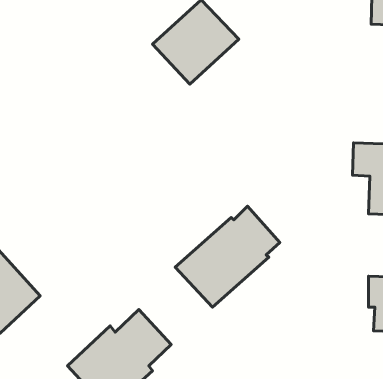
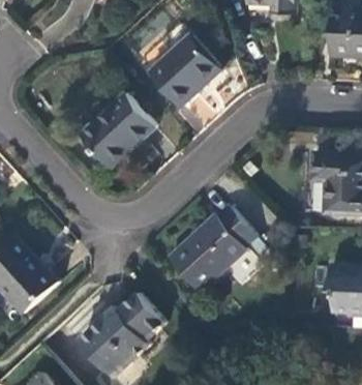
building: none -> [80,92,154,166]

